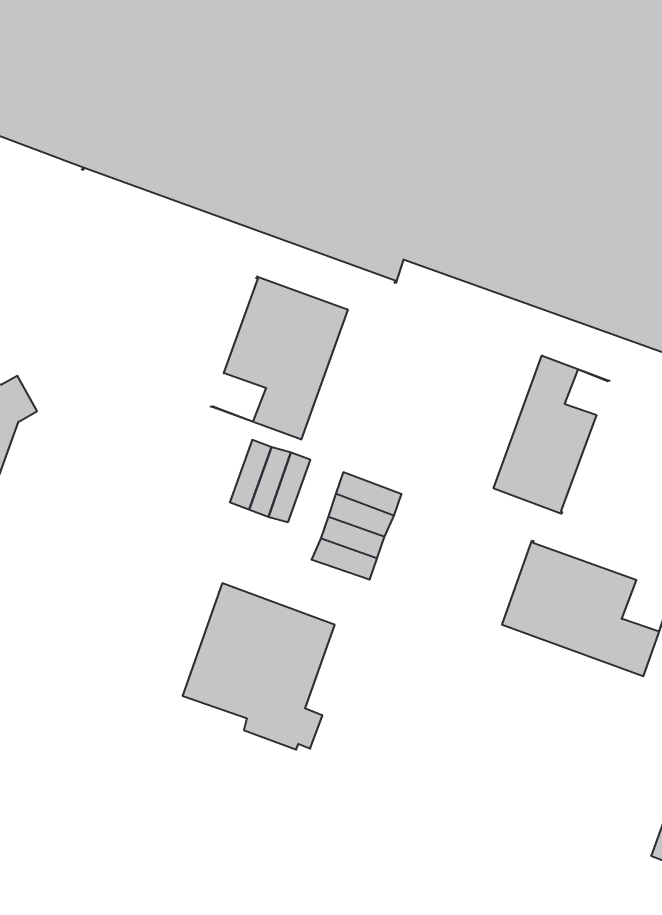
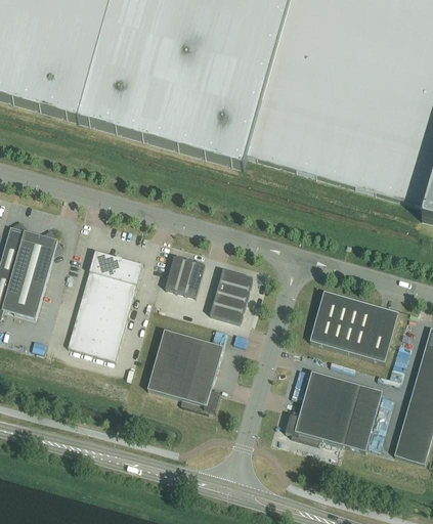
building: [211,276,348,440] -> none
building: [494,355,610,514] -> none
building: none -> [69,249,143,358]
building: none -> [286,369,383,449]

